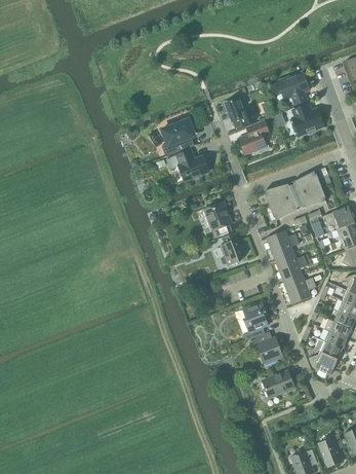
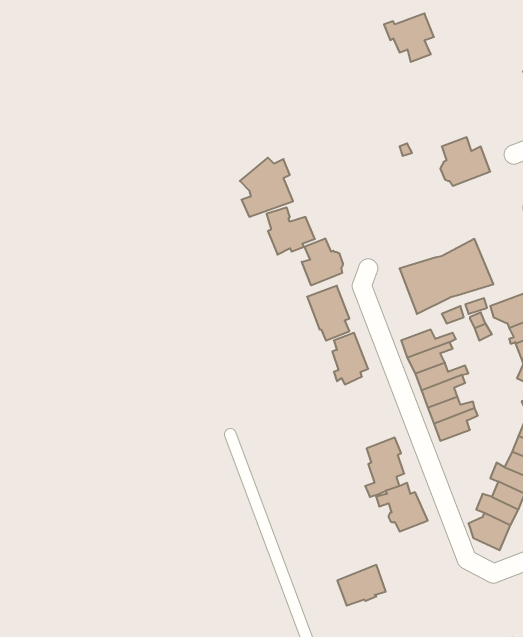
building: [277,73,310,105] -> [384,13,434,62]
building: [226,98,256,125] -> none
building: [239,120,271,154] -> none
building: none -> [302,238,343,285]
building: [263,370,294,397] -> [337,565,386,606]

